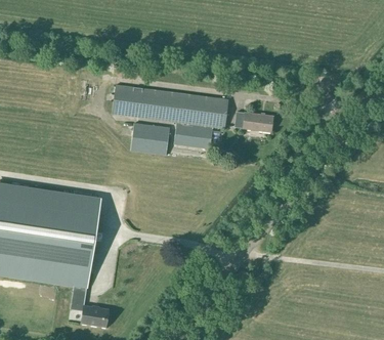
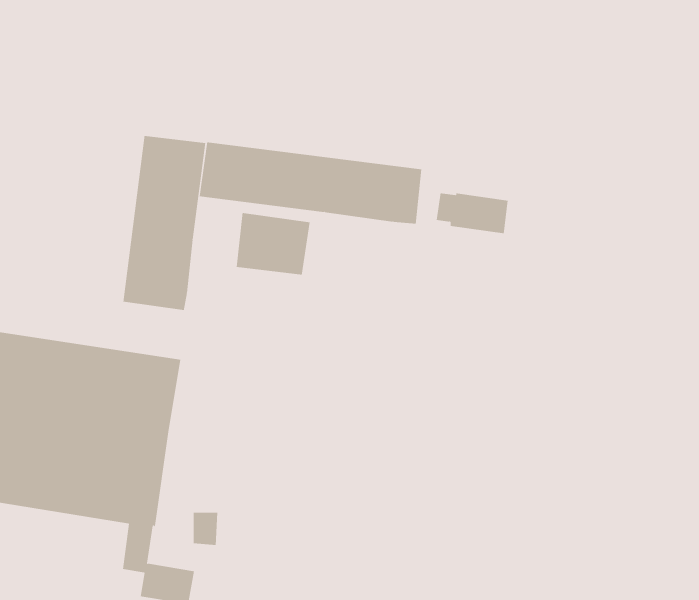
building: none -> [123,135,206,311]
building: [173,122,212,148] -> none

